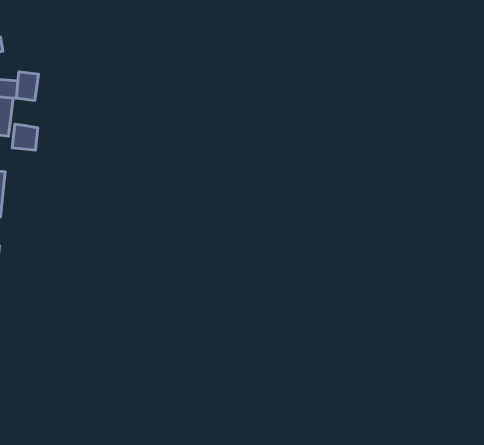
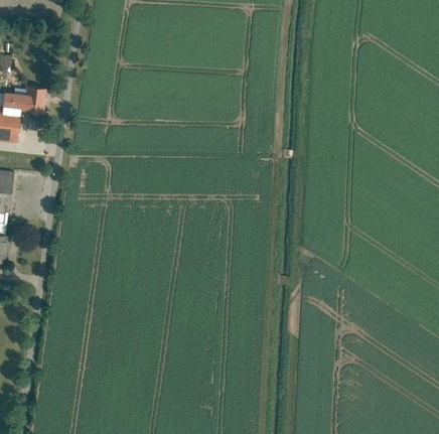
building: [12,124,38,150] -> none

